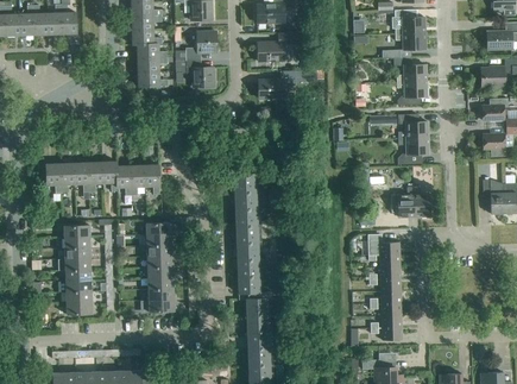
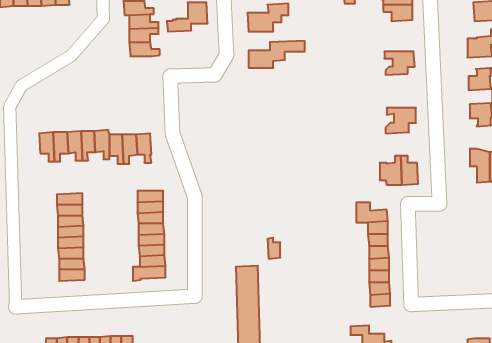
building: [395,57,425,81] -> none
building: [176,59,213,87] -> none
building: [382,114,428,138] -> none
building: [233,174,271,300] -> none

